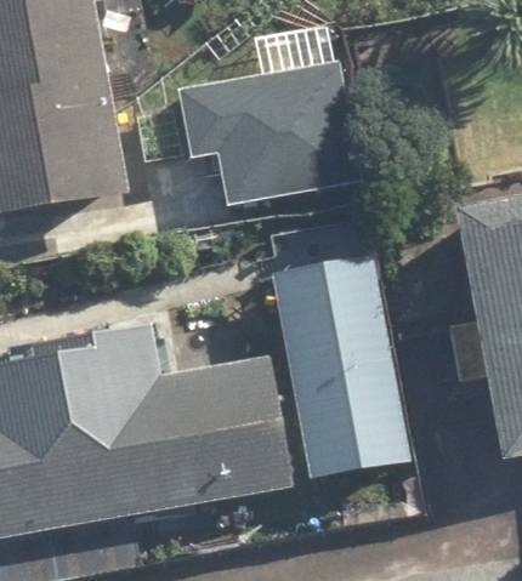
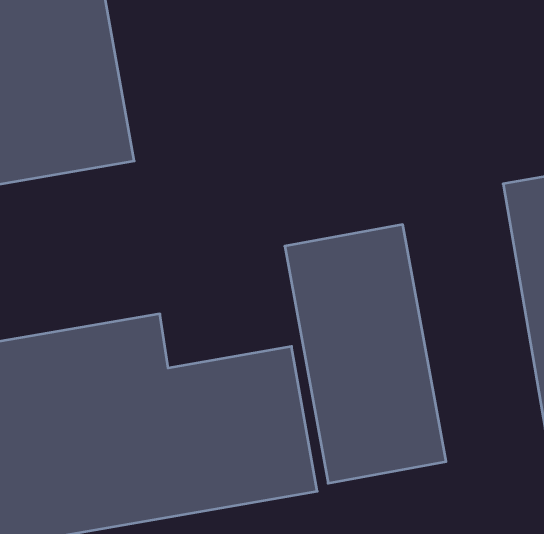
building: [175,58,358,205] -> none

